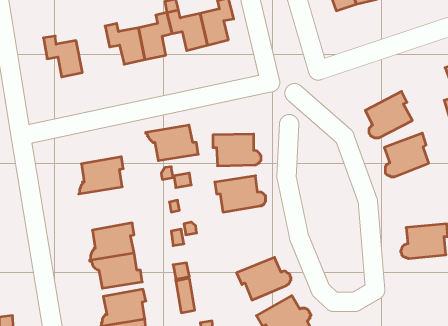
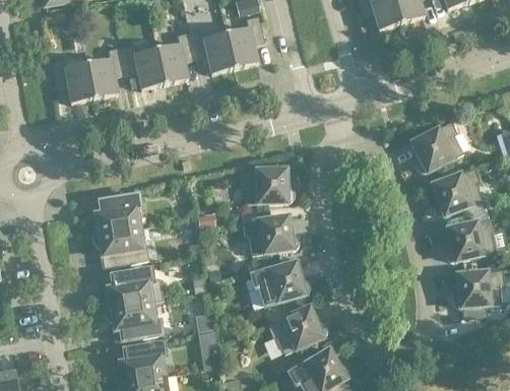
building: none -> [87,47,125,99]
building: [146,125,198,161] -> [90,226,149,266]
building: none -> [445,217,496,260]
building: none -> [252,261,311,305]

